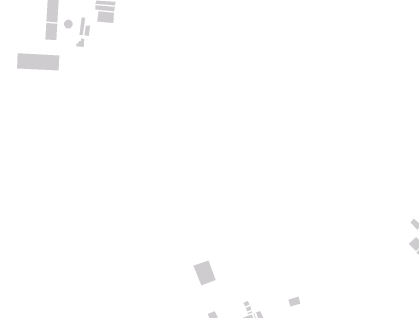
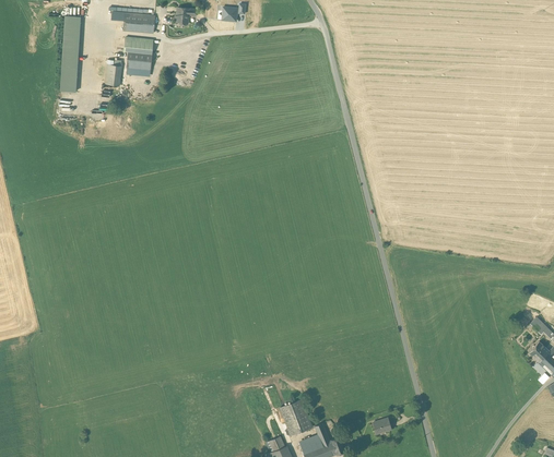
building: [16,53,60,71] -> none
building: [192,259,217,287] -> [280,399,311,434]

